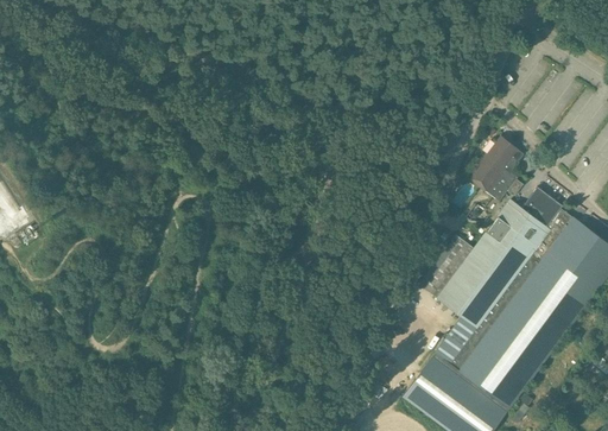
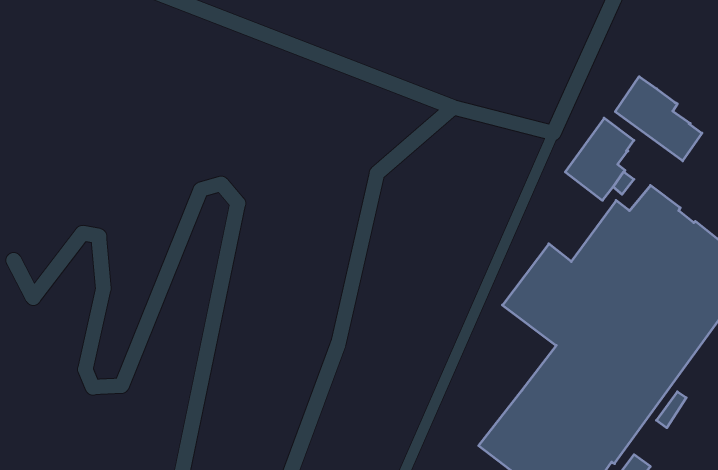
building: none -> [615,77,702,161]

